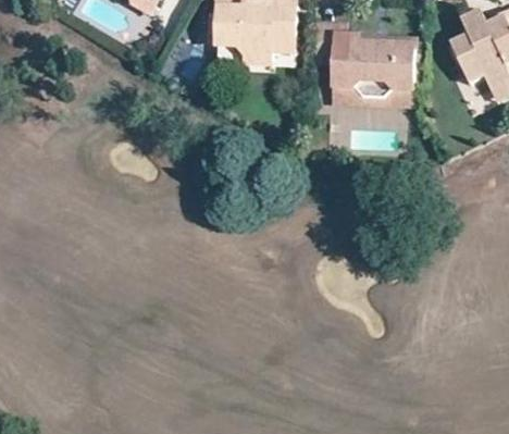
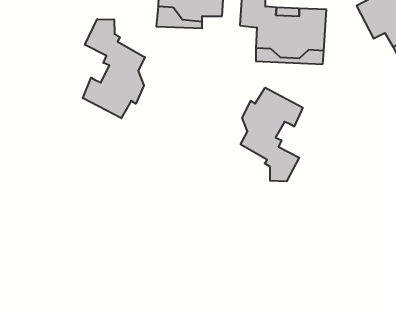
building: none -> [83,19,145,118]
building: none -> [241,88,303,181]

